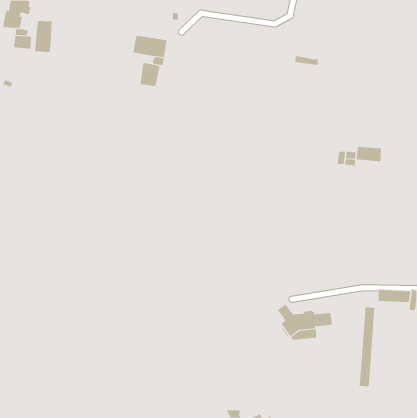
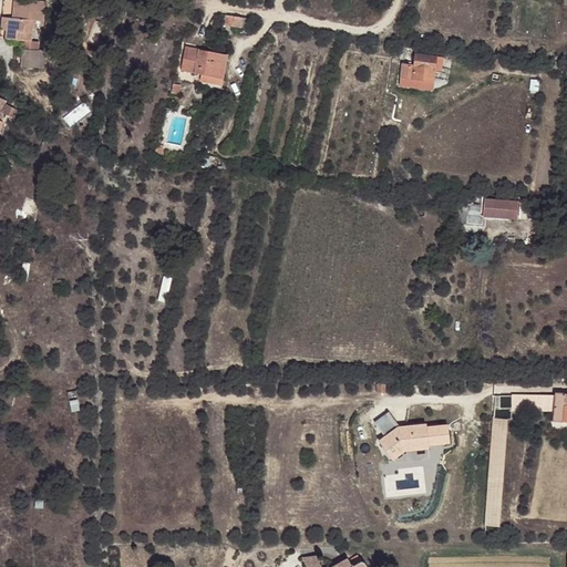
building: [35,20,52,53] -> none
building: none -> [400,54,435,80]
building: [140,62,160,87] -> none

